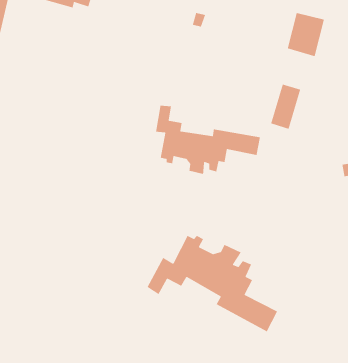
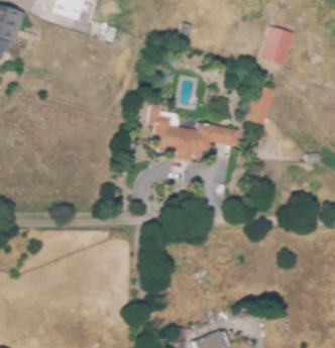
building: [147,235,278,333] -> none

